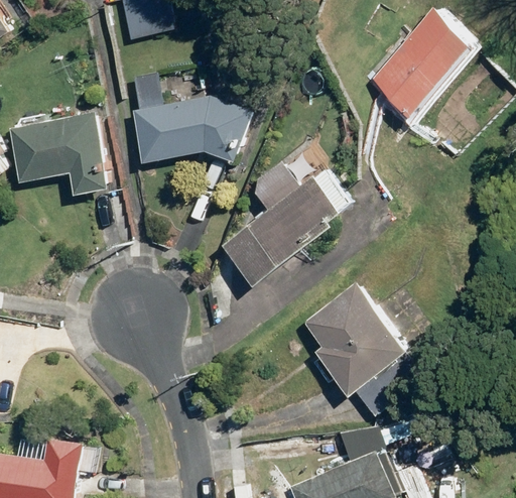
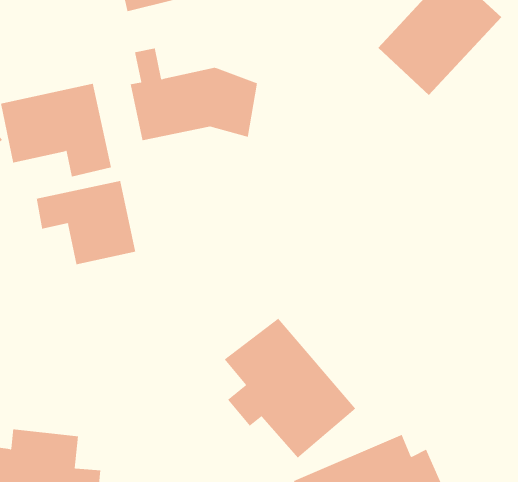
building: [221,162,351,289] -> none
building: none -> [36,180,136,265]
building: [300,282,425,415] -> [224,318,356,459]

